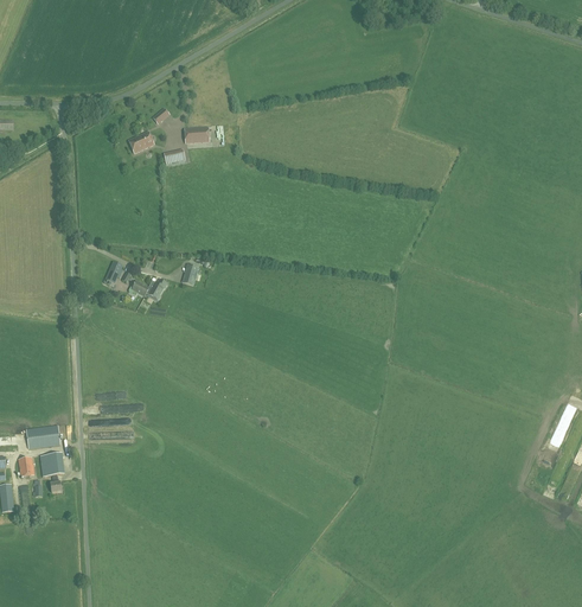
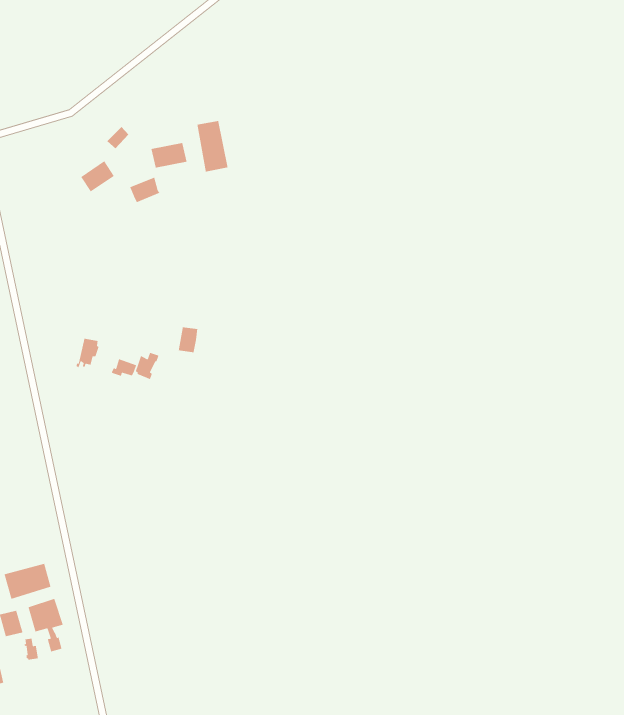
building: none -> [197,120,229,172]

